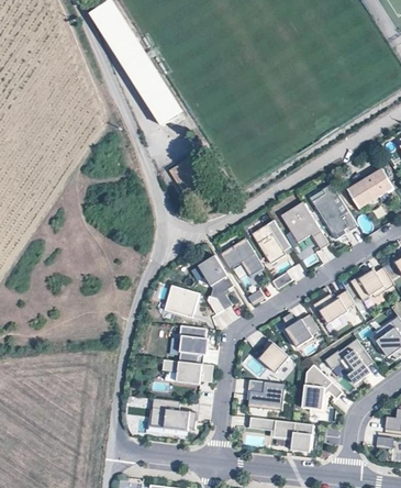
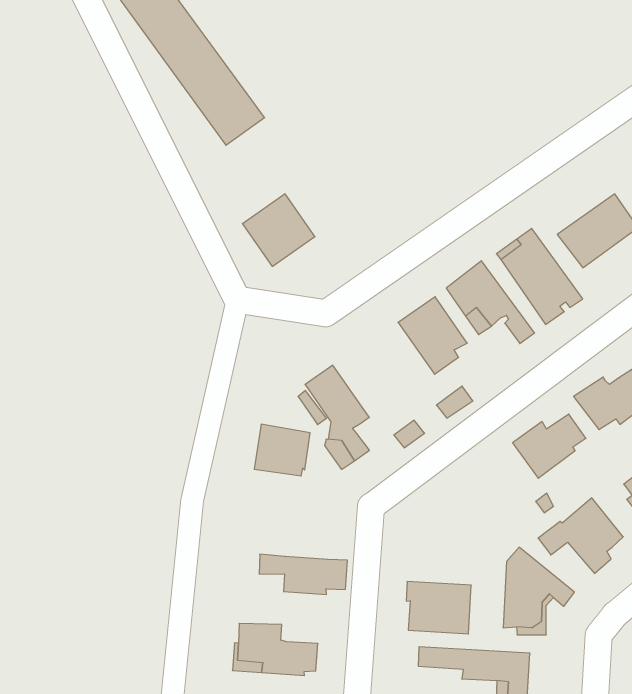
building: [219,236,263,275] -> none
building: [282,313,319,348] -> none
building: [180,325,210,365] -> none
building: [261,340,292,377] -> none

